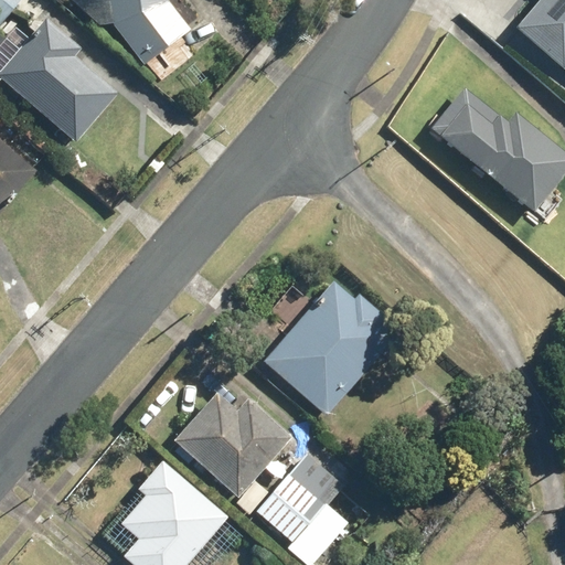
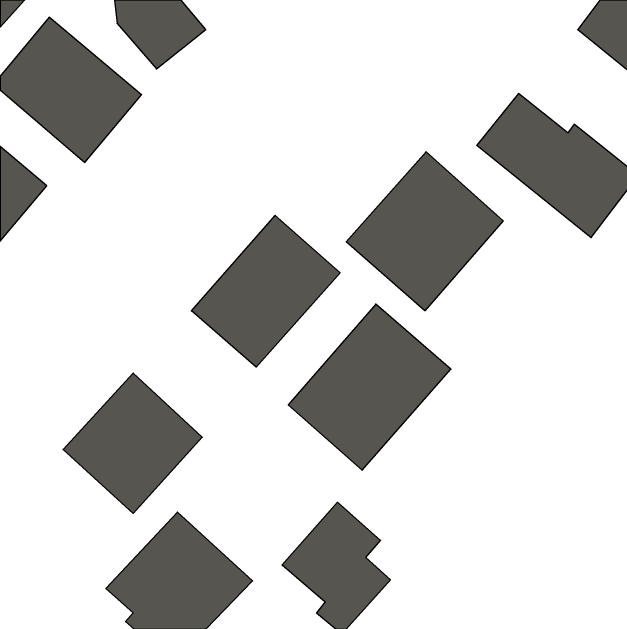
building: none -> [346,152,503,311]
building: none -> [191,215,340,367]
building: [170,371,295,497] -> [63,373,202,513]

